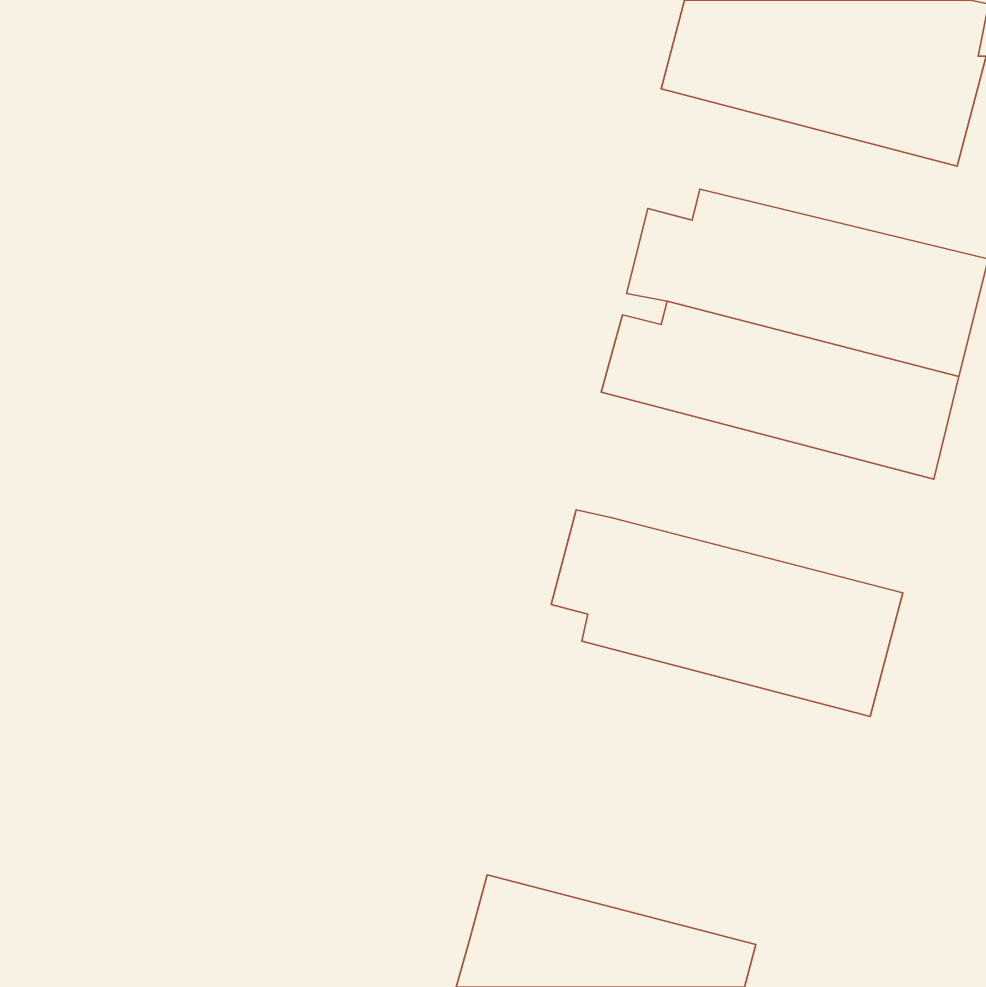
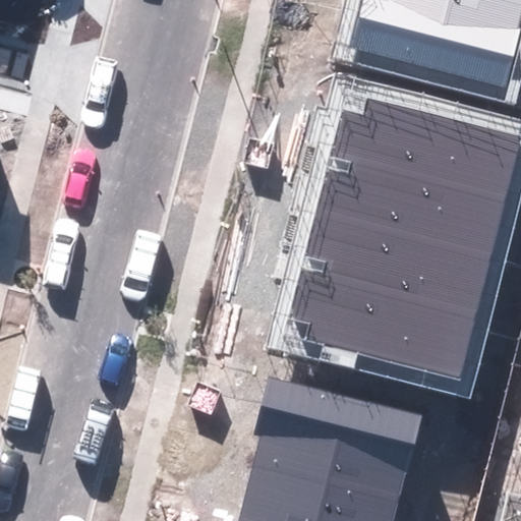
building: none -> [304,207,493,312]
building: none -> [254,378,423,498]

